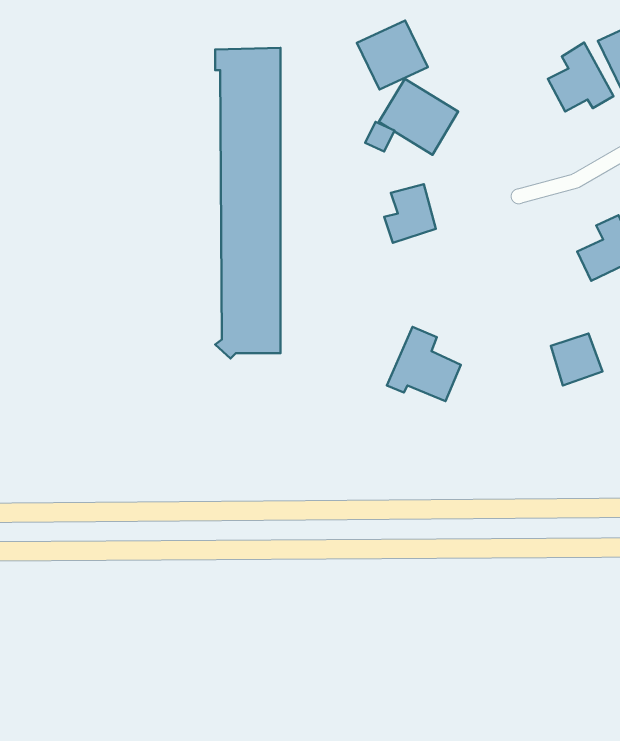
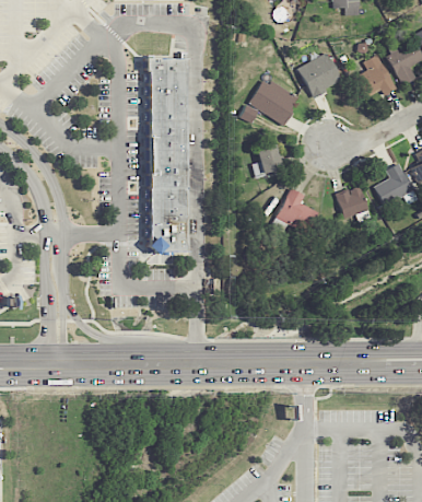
building: [357,20,428,89] -> [297,52,342,96]
building: [387,327,461,401] -> [273,188,320,235]
building: [551,334,602,385] -> [336,186,368,219]

